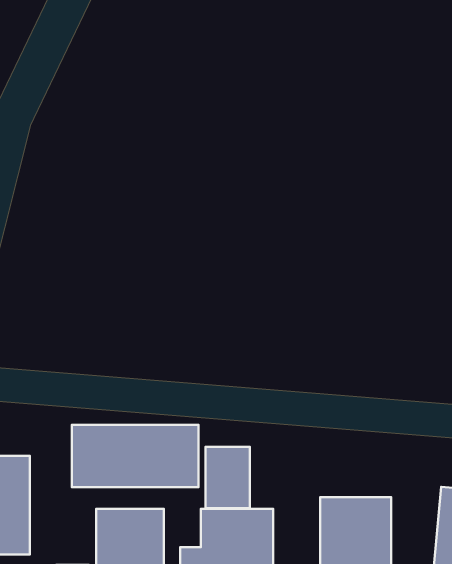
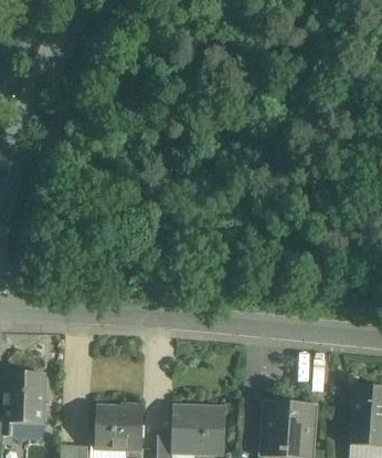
building: [72,425,198,487] -> none
building: [206,447,250,508] -> none

